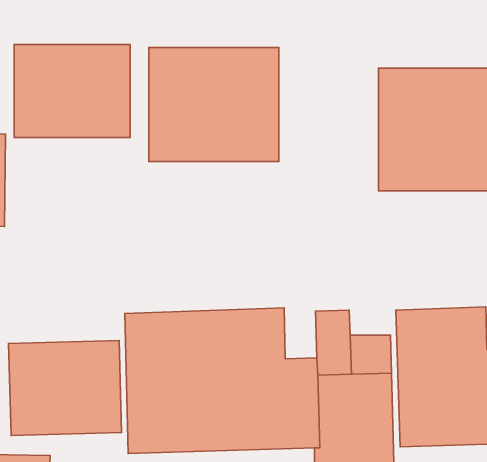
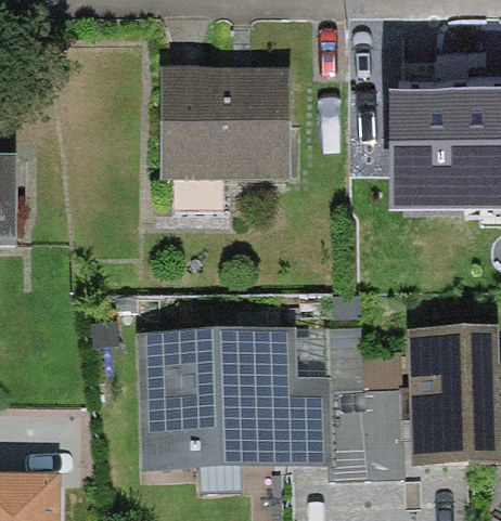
building: [14,45,130,138] -> none
building: [9,341,122,436] -> none

